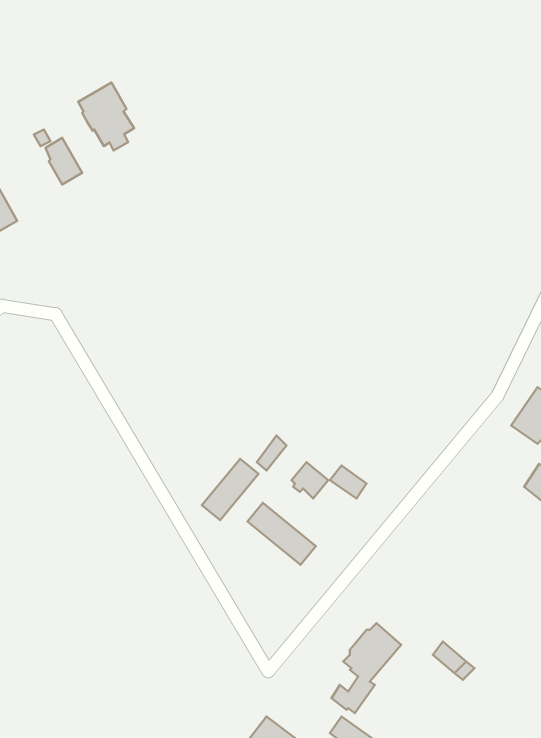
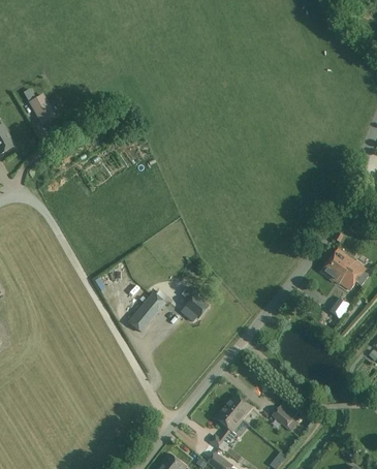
building: [78,83,134,151] -> none
building: [248,503,316,565] -> none

